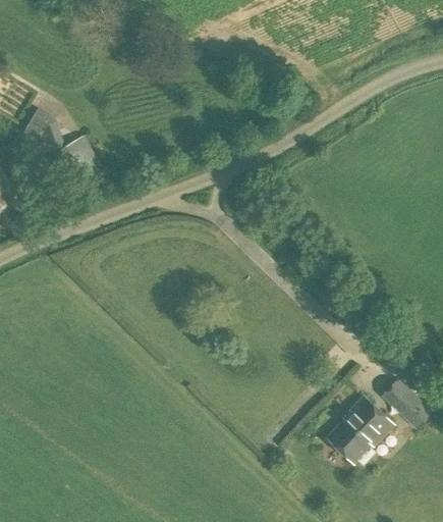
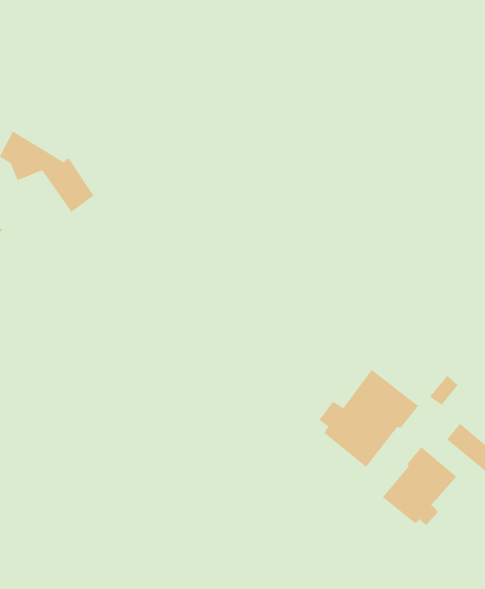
building: none -> [318,369,419,468]

